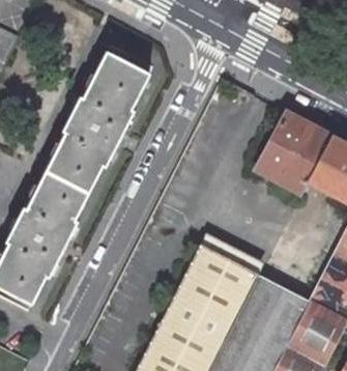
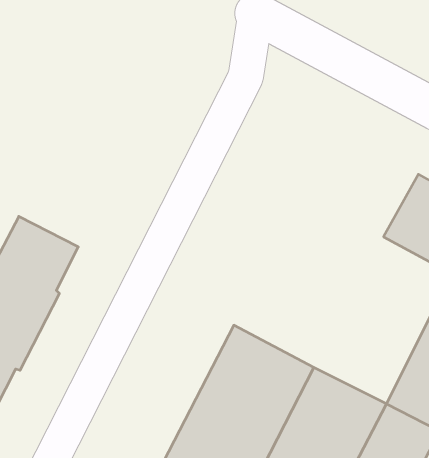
building: [48,52,149,189] -> none
building: [256,112,332,194] -> none

